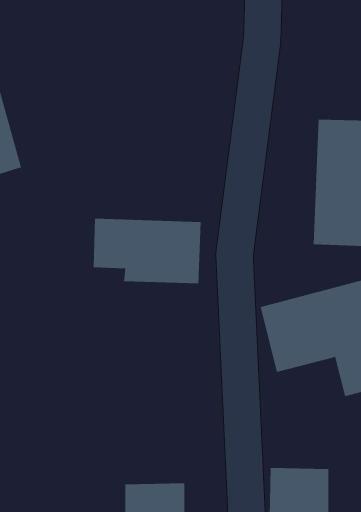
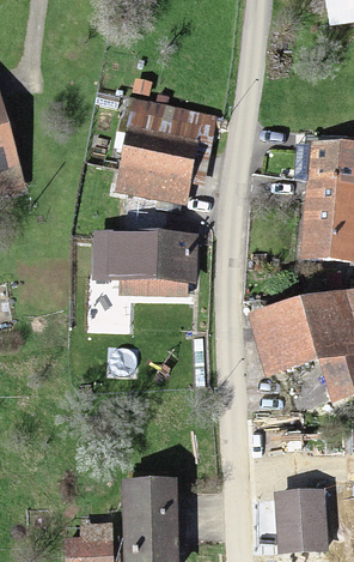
building: none -> [117,108,196,197]

